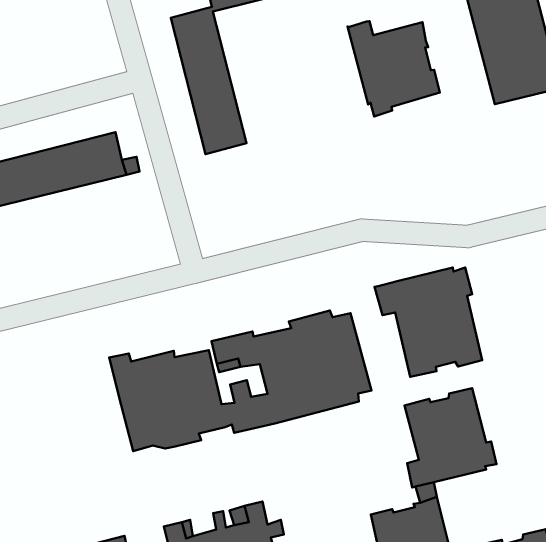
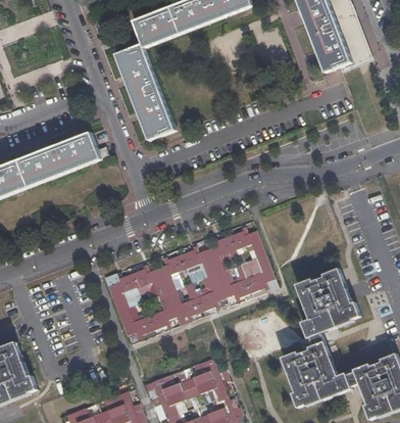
building: [348,21,440,117] -> none
building: [374,267,482,377] -> none

